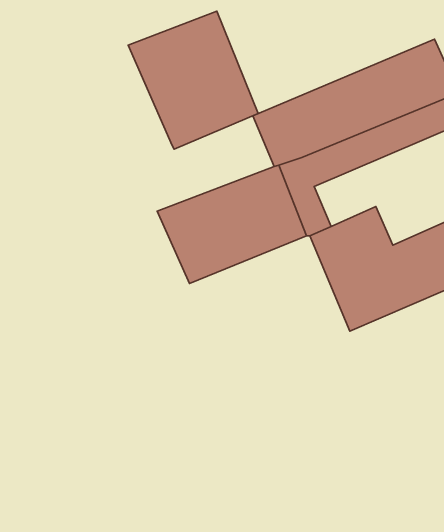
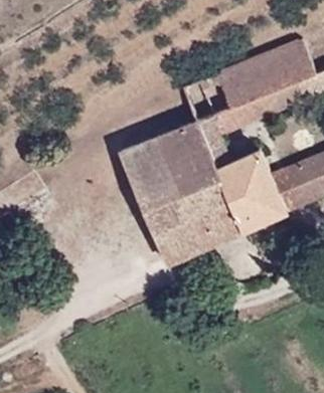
building: [128,11,258,149] -> none
building: none -> [139,168,244,263]

